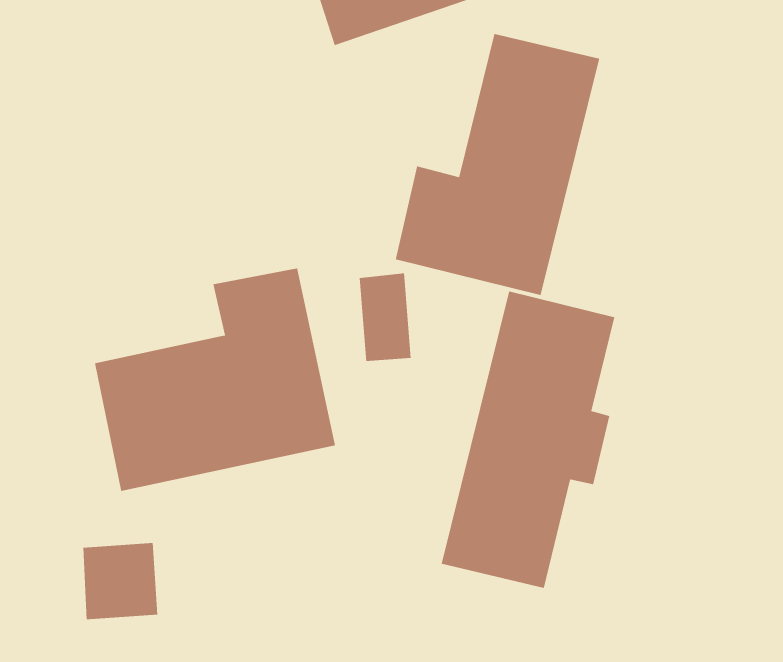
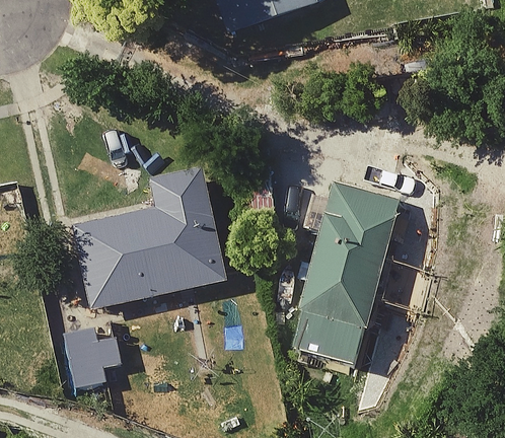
building: [395,33,600,296] -> none

